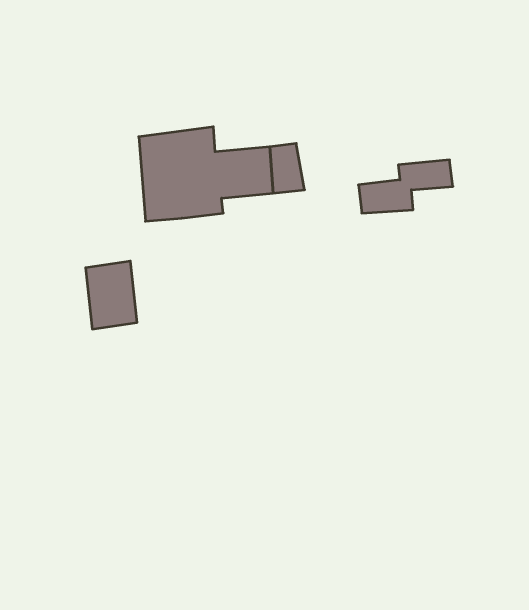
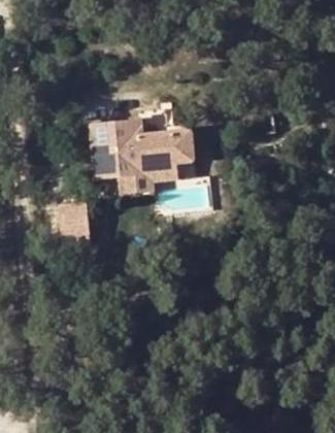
building: [358,160,453,213] -> [119,160,177,193]

